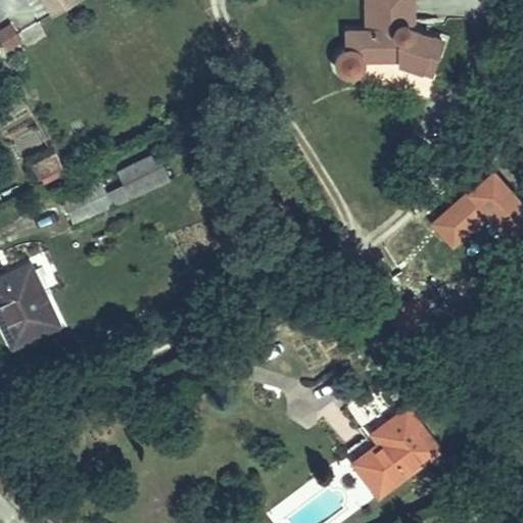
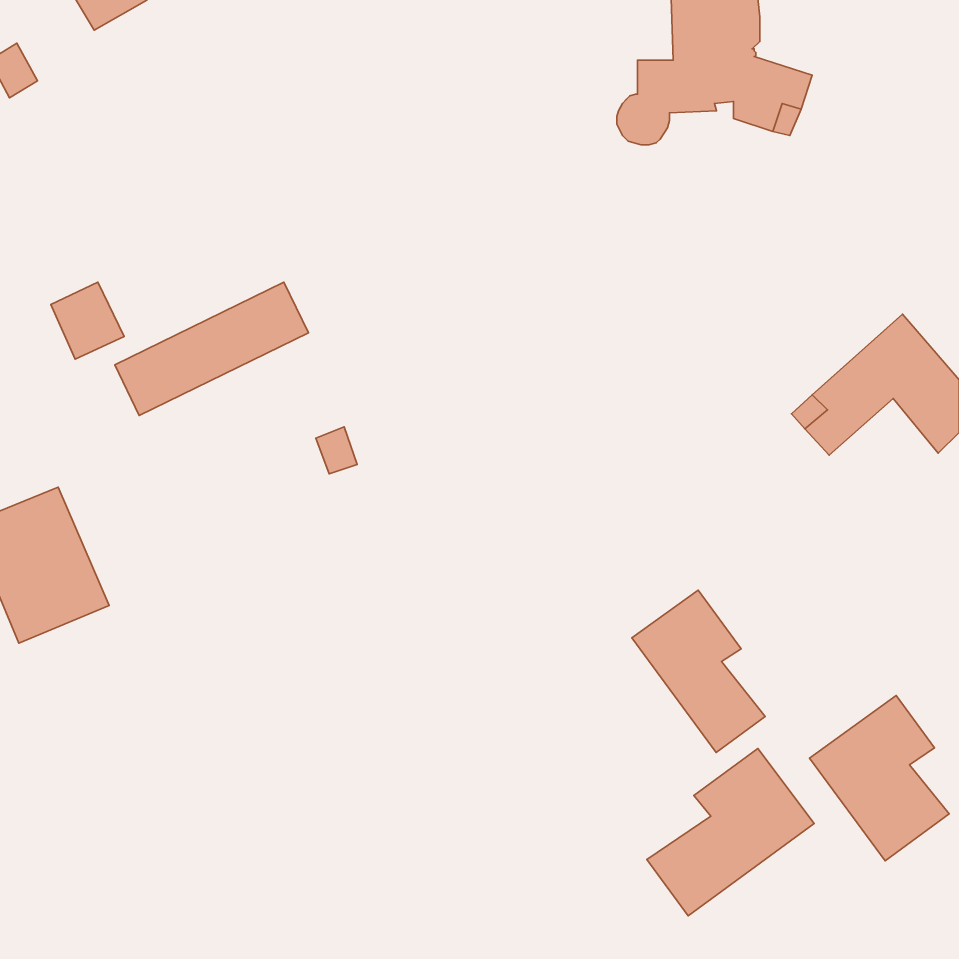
building: none -> [632,590,765,753]
building: none -> [810,696,949,861]

